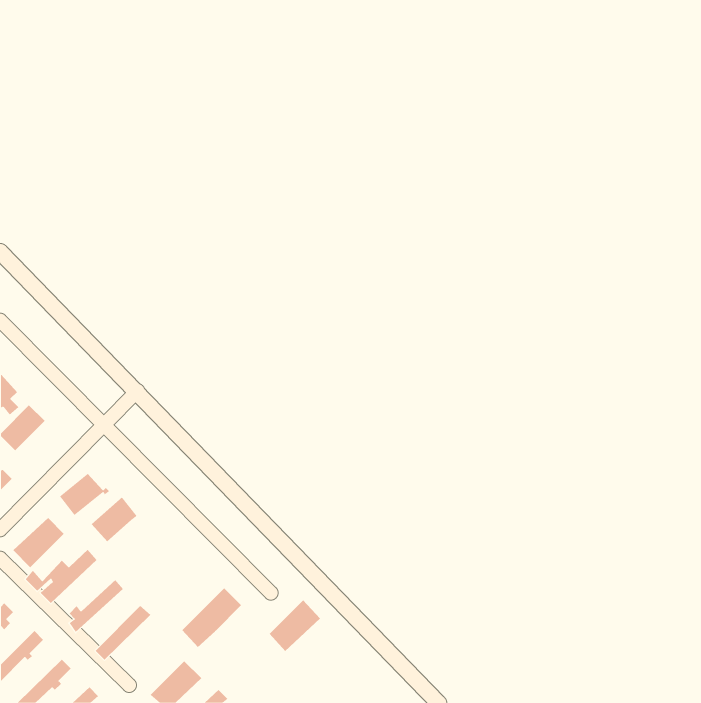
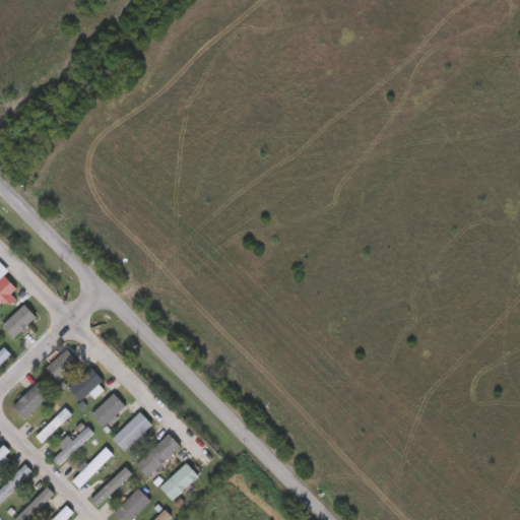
building: none -> [90,393,124,428]
building: none -> [111,412,151,452]
building: [269,599,321,652] -> [159,462,198,501]
building: none -> [94,469,131,504]

